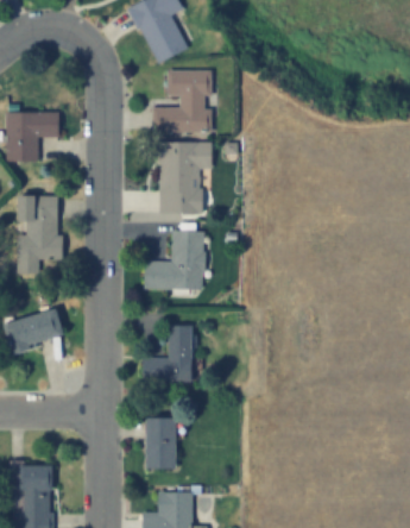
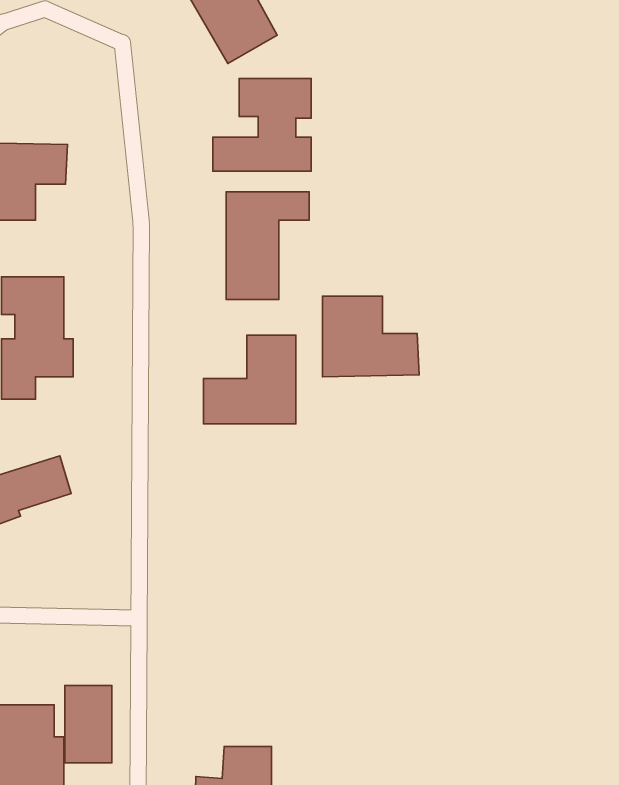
building: none -> [322,296,419,377]
building: [143,327,191,382] -> none
building: [145,417,175,466] -> [65,686,112,763]

